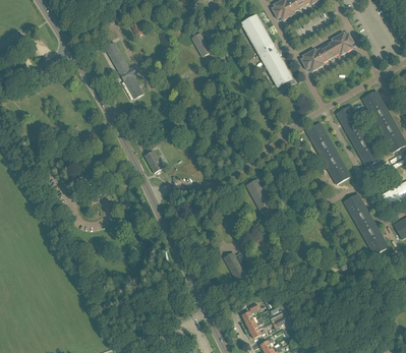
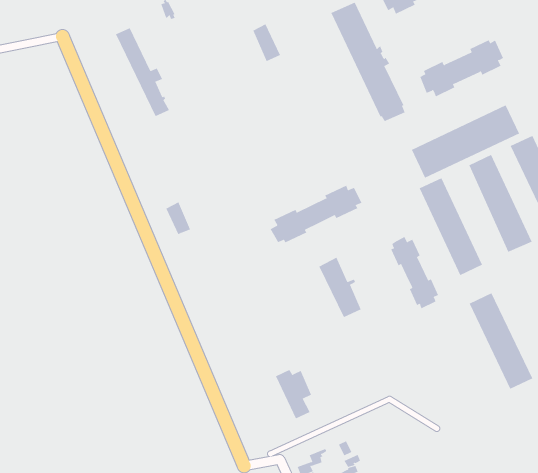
building: none -> [411,105,520,179]
building: none -> [270,185,362,243]
building: none -> [391,236,439,309]

